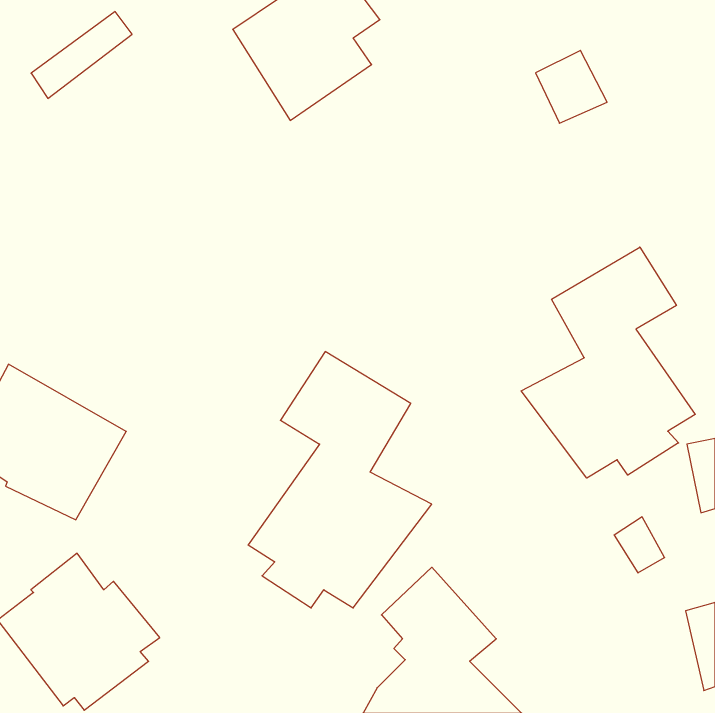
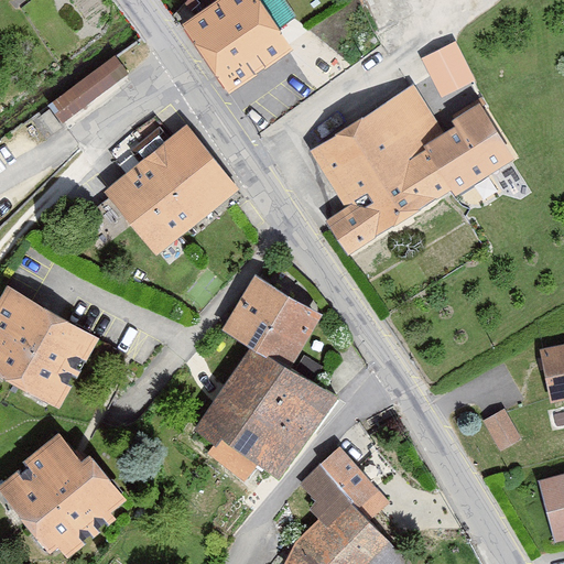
building: [31,12,132,98] -> [48,55,128,123]
building: none -> [310,84,516,256]
building: none -> [104,124,240,256]
building: [521,247,695,478] -> none

